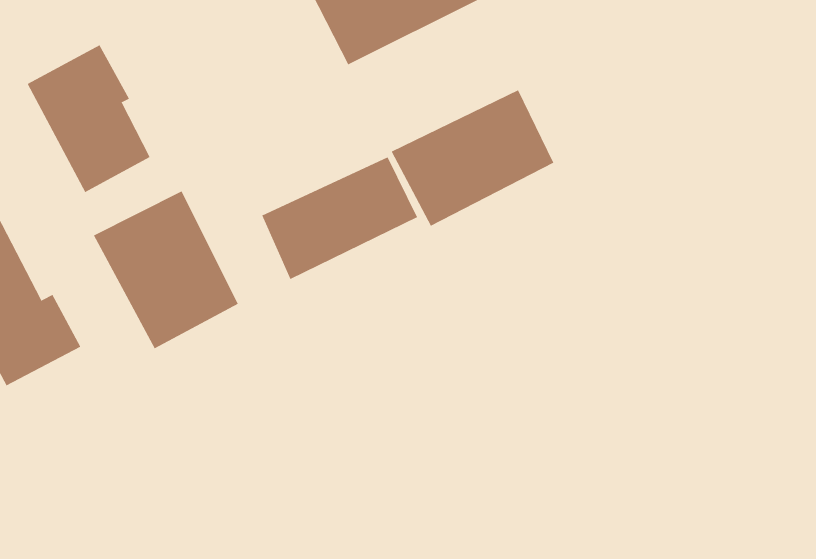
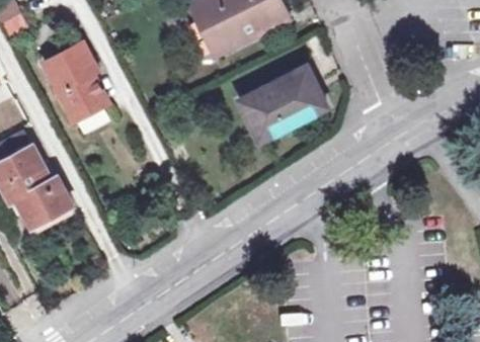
building: [262,157,418,280] -> none
building: [93,190,239,349] -> none

